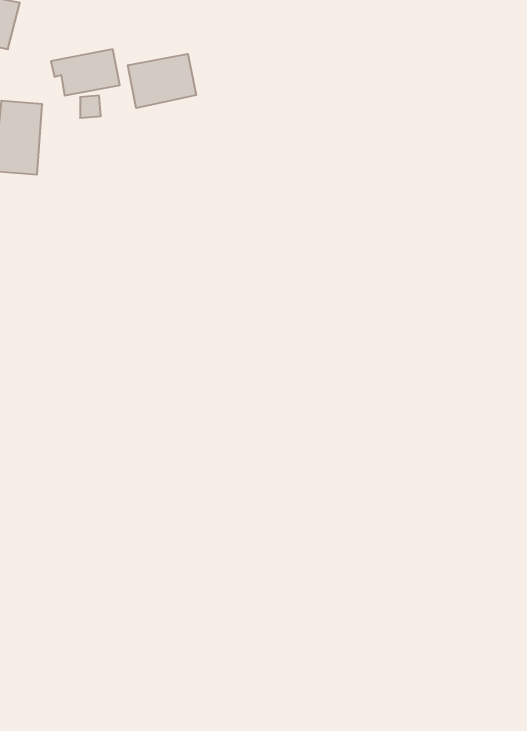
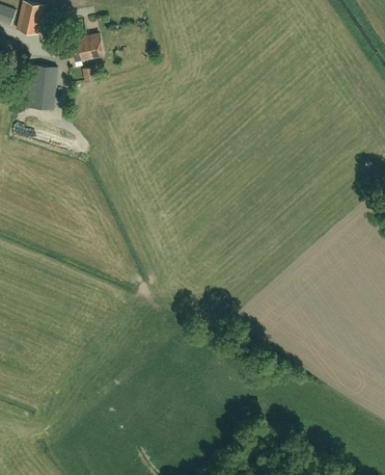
building: [128,54,196,108] -> none

